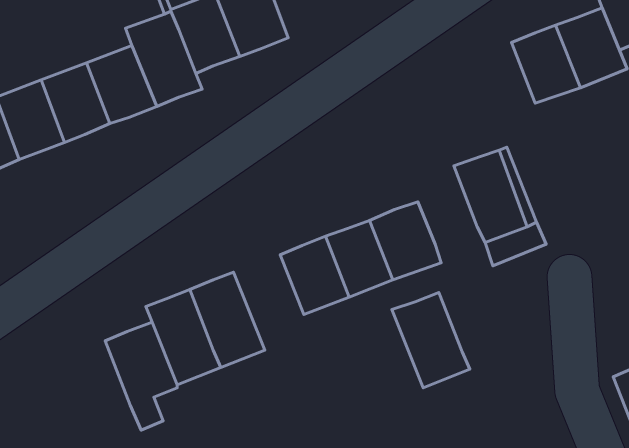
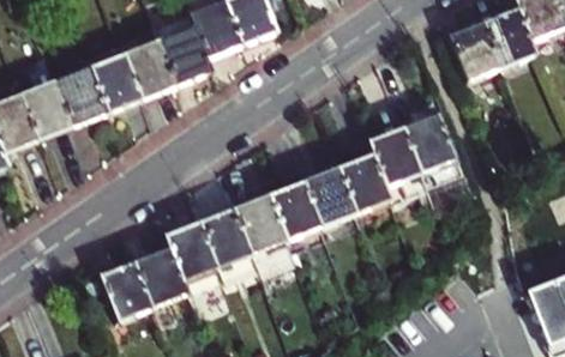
building: none -> [372,129,423,189]
building: [392,292,470,388] -> [236,198,296,271]
building: none -> [104,264,157,327]

